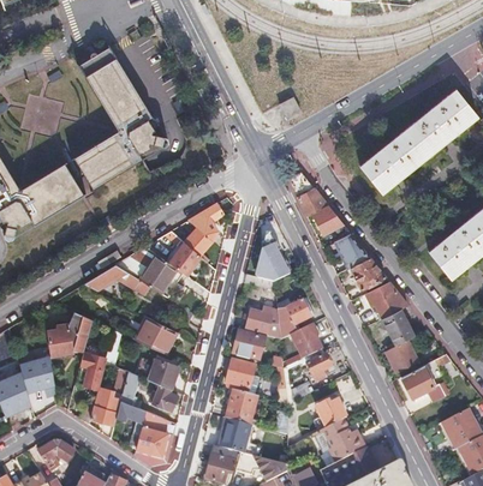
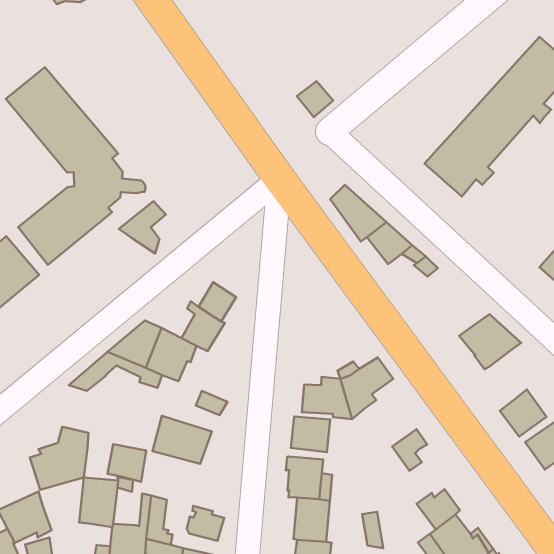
building: [189,202,223,239] -> [119,201,166,253]
building: [255,232,291,281] -> none
building: [350,256,389,287] -> none
building: [383,307,415,343] -> none
building: [290,323,321,358] -> none
building: [148,358,178,388] -> [108,444,146,482]

